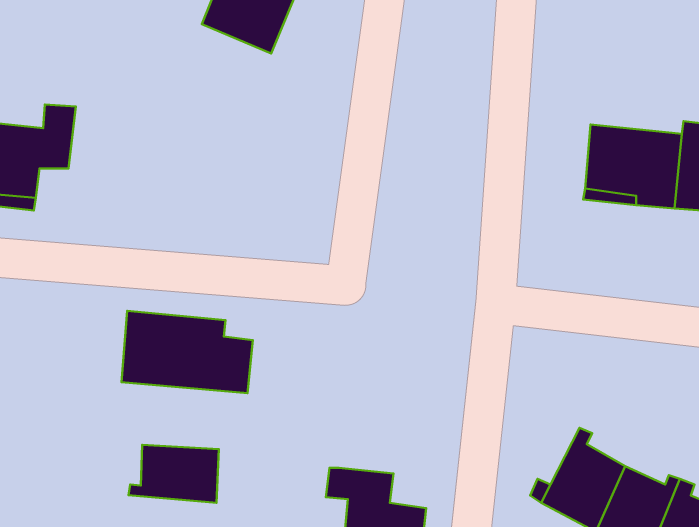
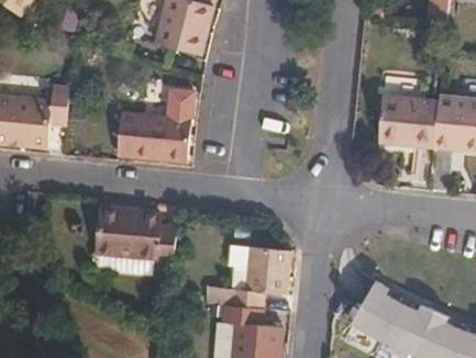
building: none -> [121,87,193,159]
building: none -> [231,244,291,306]
building: [129,445,219,503] -> none

